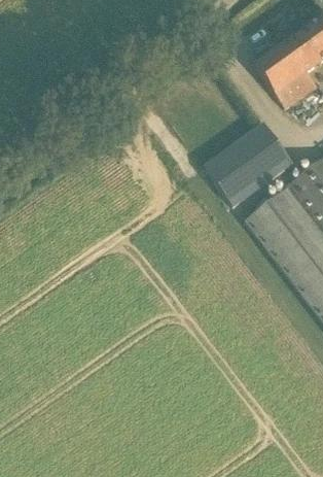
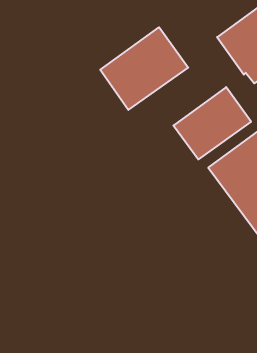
building: none -> [100,27,188,110]

